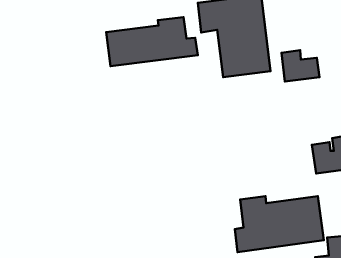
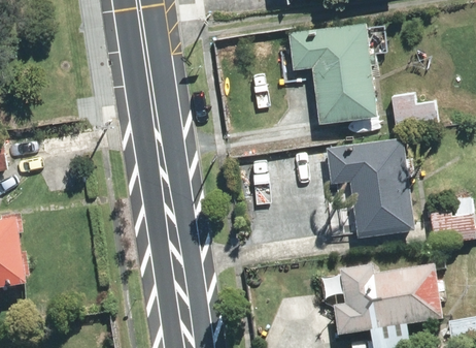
building: [106,17,198,66] -> none
building: none -> [326,137,415,236]

